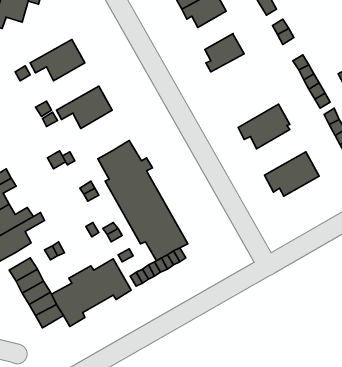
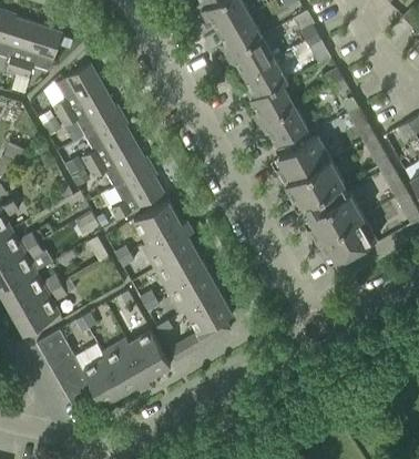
building: none -> [243,59,287,101]
building: none -> [53,63,104,115]
building: none -> [257,105,306,145]
building: none -> [82,115,134,167]
building: none -> [276,135,331,186]
building: none -> [111,167,163,220]
building: none -> [307,188,361,238]

